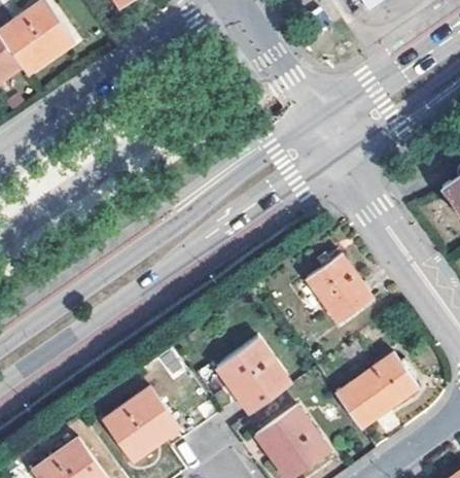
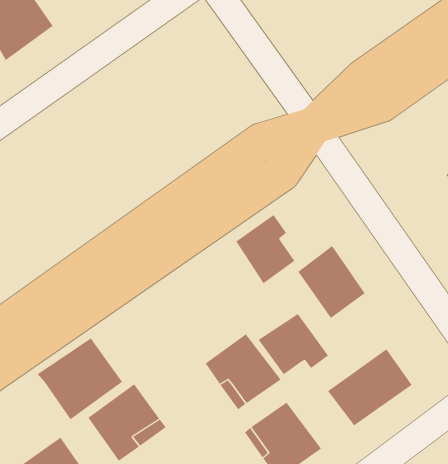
building: none -> [235,214,295,284]
building: none -> [258,313,329,375]
building: none -> [37,337,123,420]

